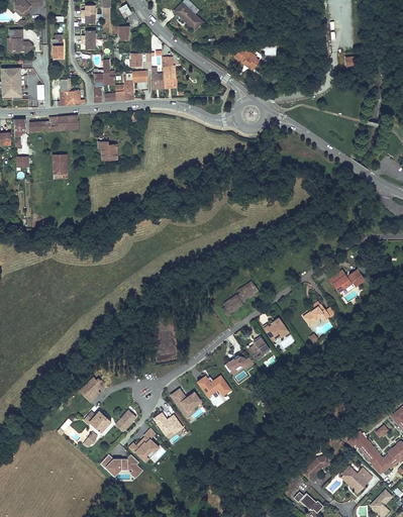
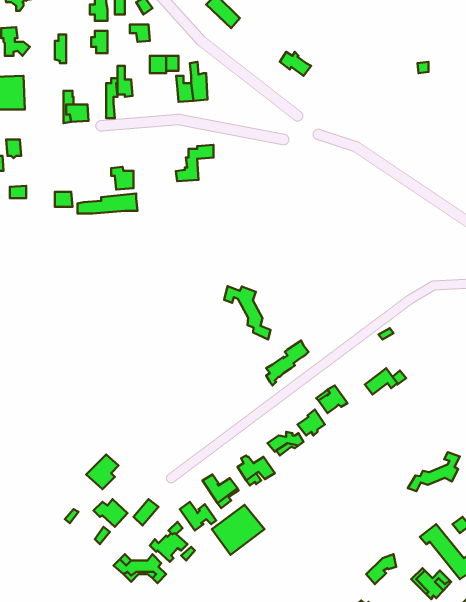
building: [115,71,145,100] -> [176,145,213,181]
building: [29,115,78,131] -> [77,193,137,213]
building: none -> [224,286,271,339]
building: [329,269,365,292] -> none
building: none -> [408,452,460,491]
building: none -> [212,505,264,555]

